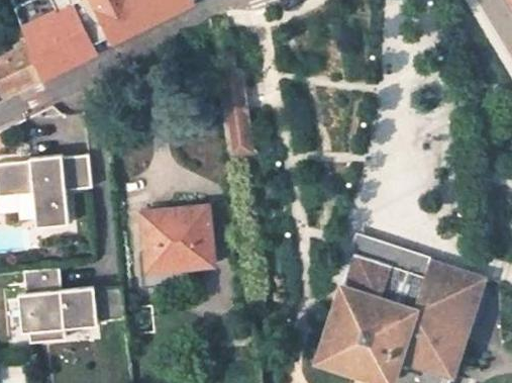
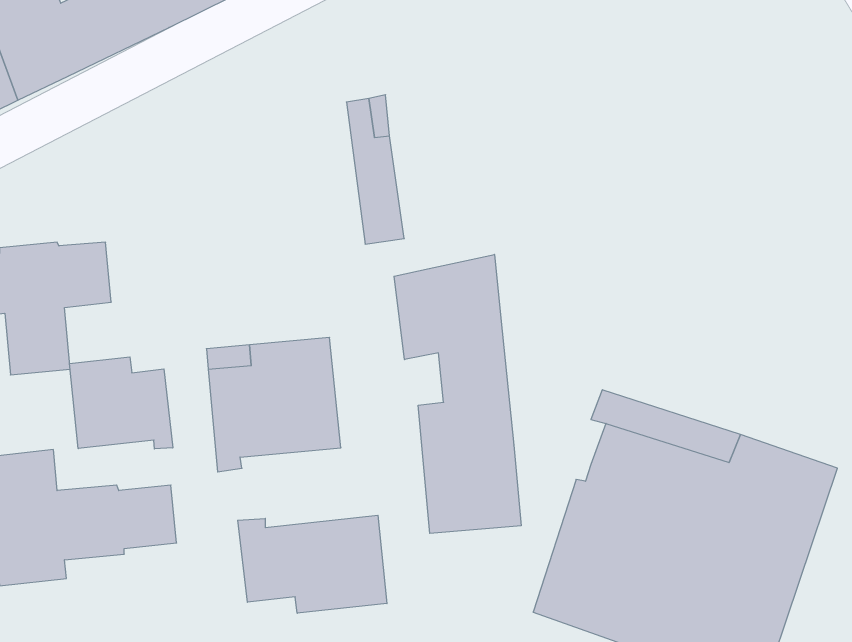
building: none -> [394,254,521,533]
building: none -> [70,357,173,449]
building: none -> [238,515,387,613]

